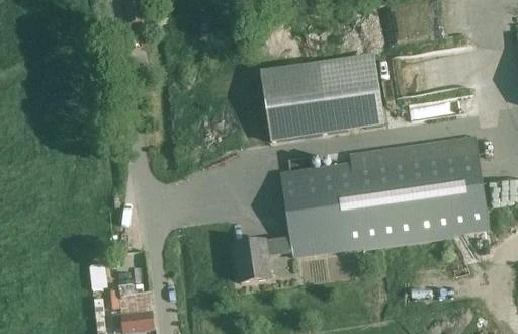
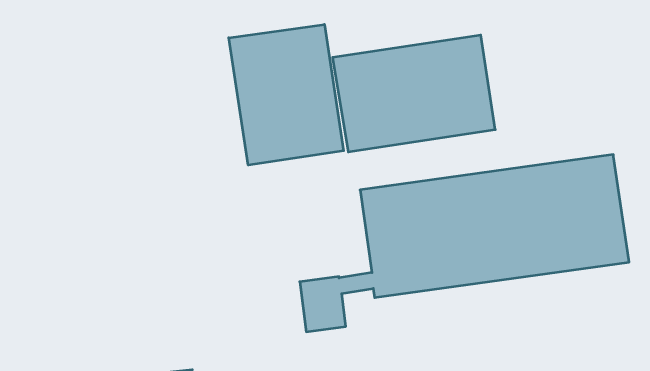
building: none -> [229,24,344,165]

